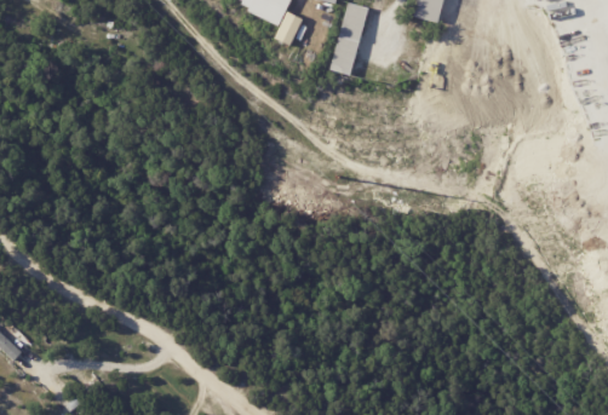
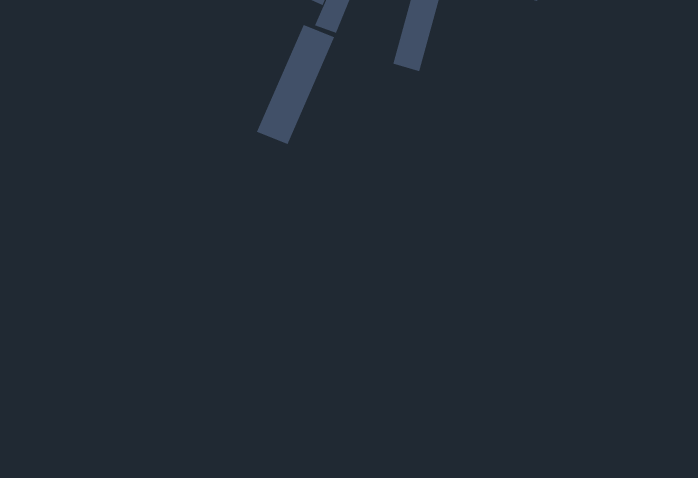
building: none -> [256,24,335,145]

